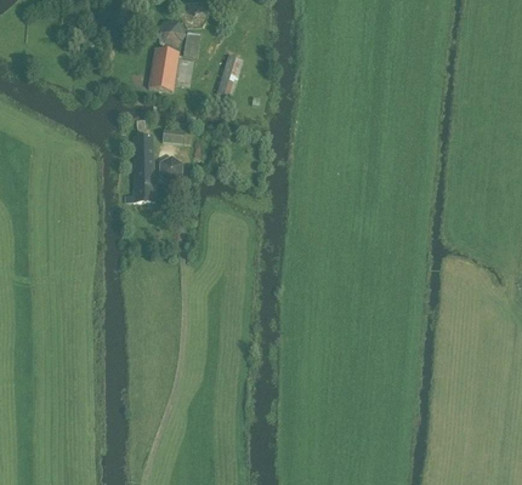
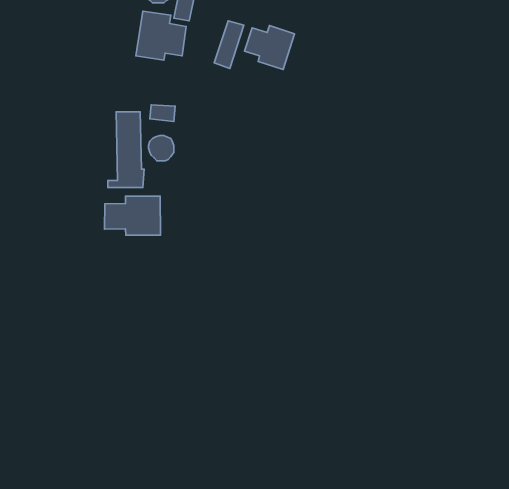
building: none -> [244,26,294,70]
building: none -> [105,196,160,235]

